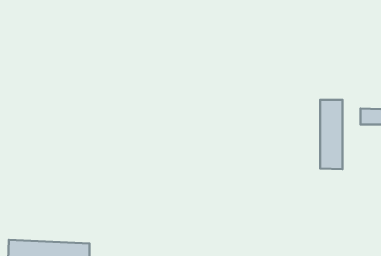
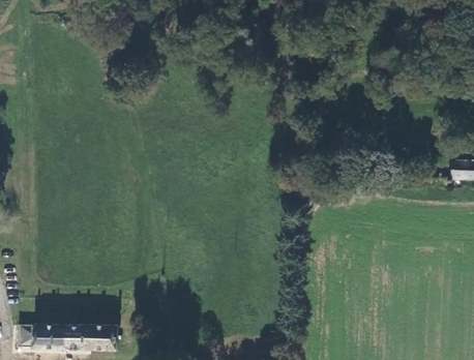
building: [320,100,342,169] -> none

